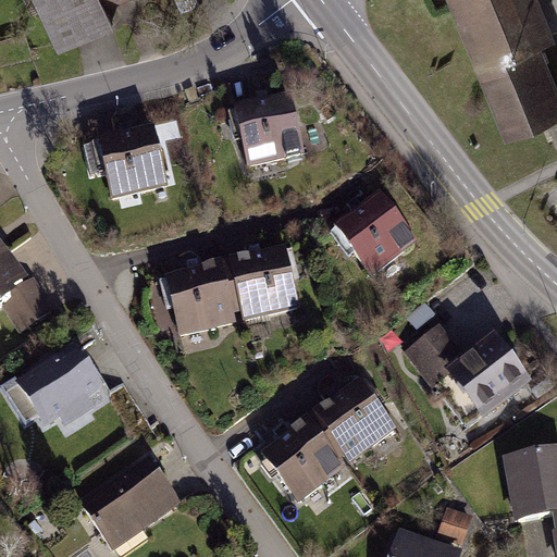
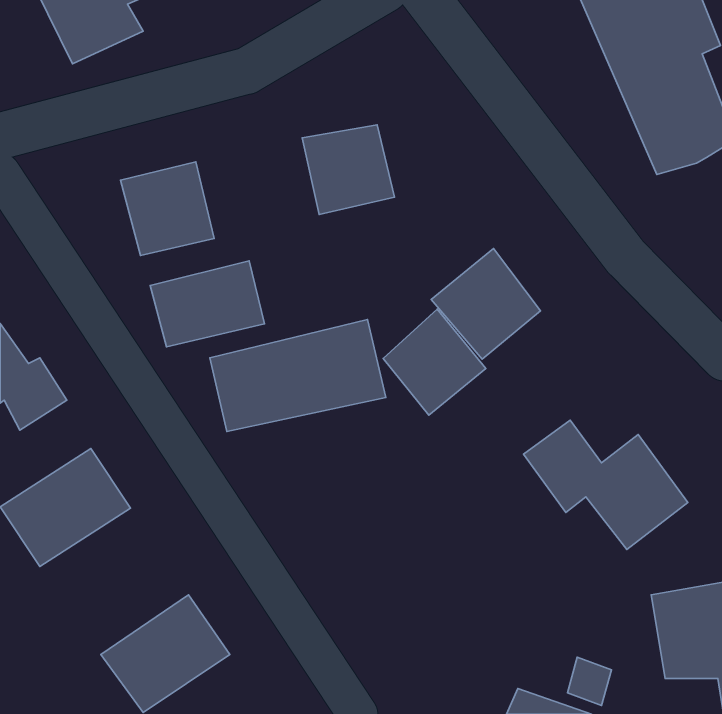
building: none -> [150,261,264,347]
building: none -> [383,309,486,415]
building: [260,376,396,499] -> none

